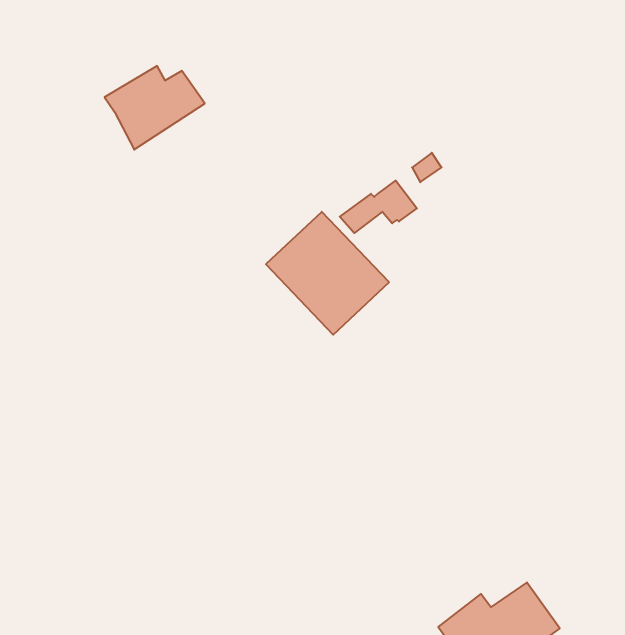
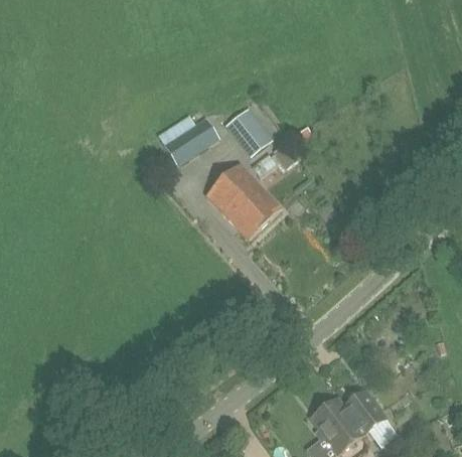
building: [105,66,205,150] -> [157,113,218,164]
building: none -> [227,115,268,158]

